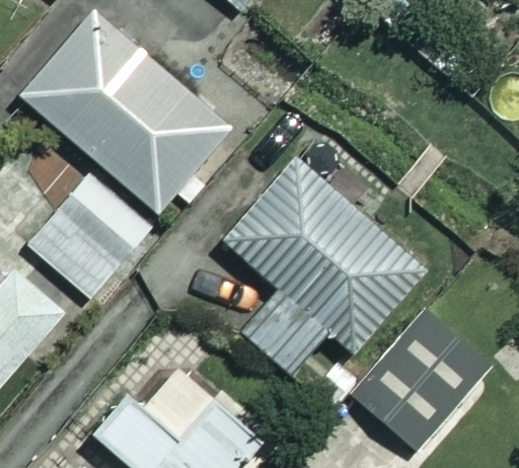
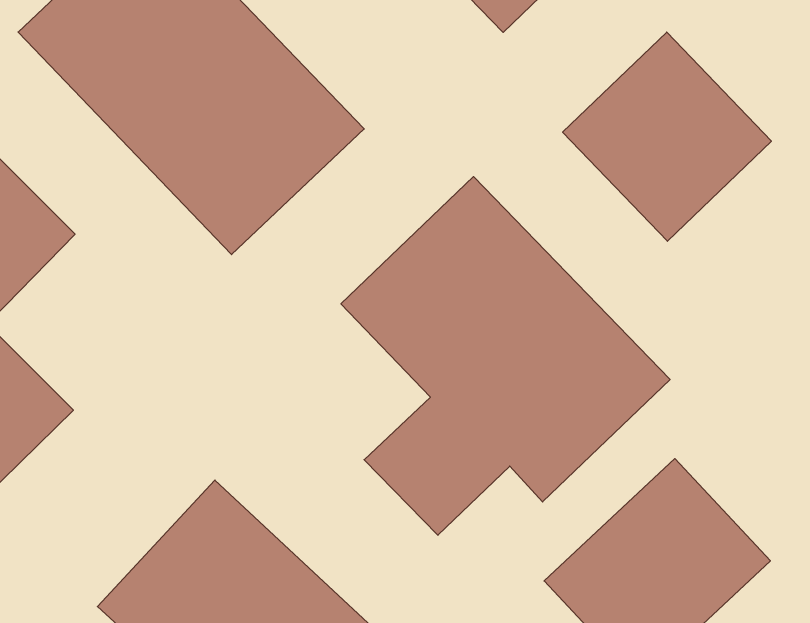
building: none -> [563,32,771,241]
building: [29,175,150,299] -> none

